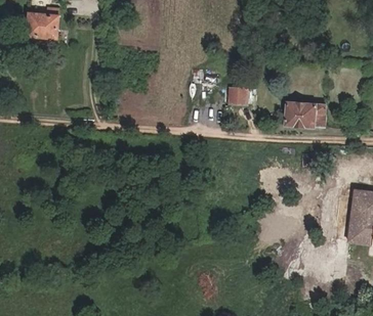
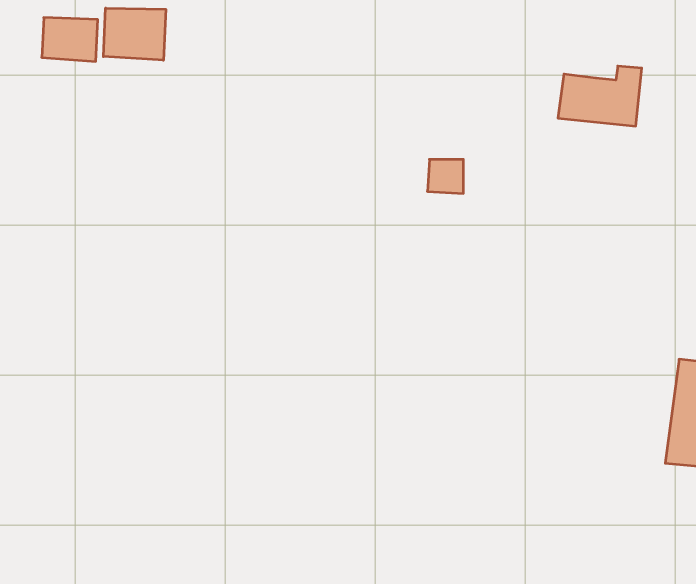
building: none -> [103,8,166,60]
building: [284,98,327,129] -> [558,66,642,126]

